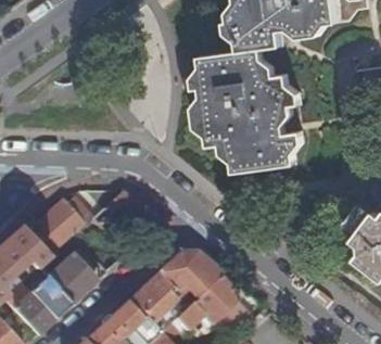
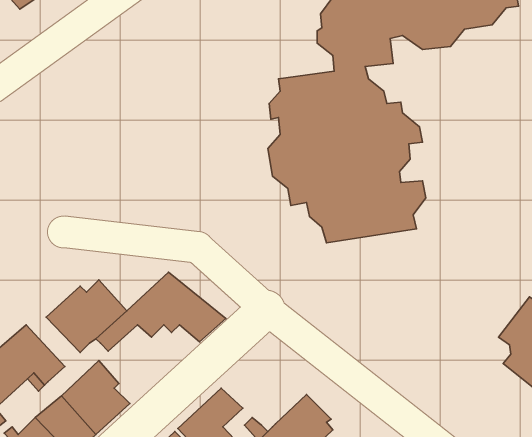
building: [158,255,221,300] -> none

